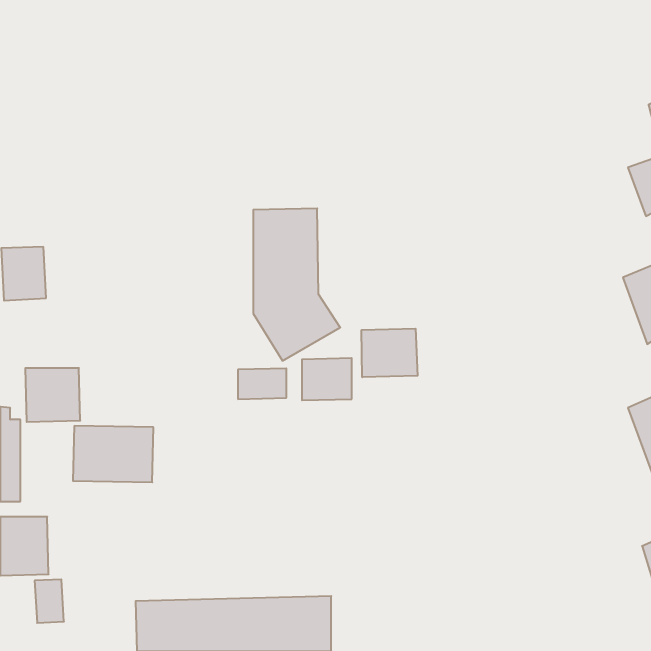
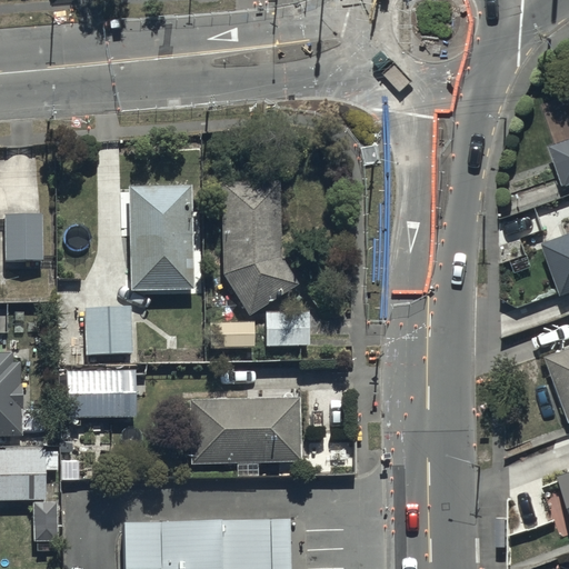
building: none -> [128,186,192,291]
building: [362,329,418,377] -> none
building: [25,368,80,422] -> [83,308,131,355]
building: none -> [189,399,299,465]

